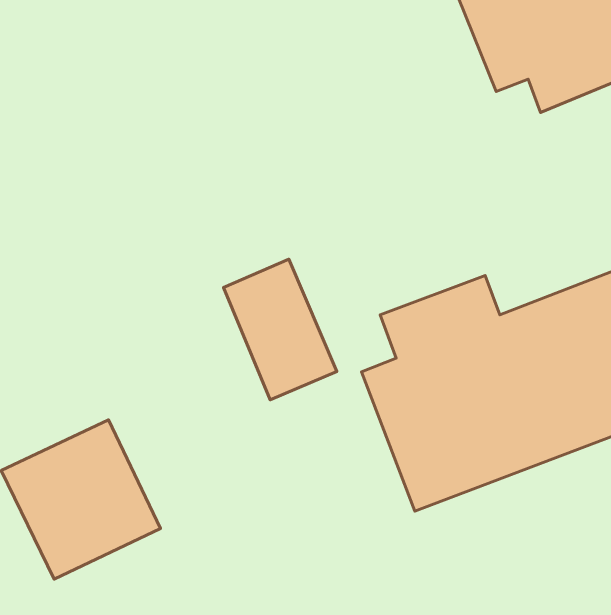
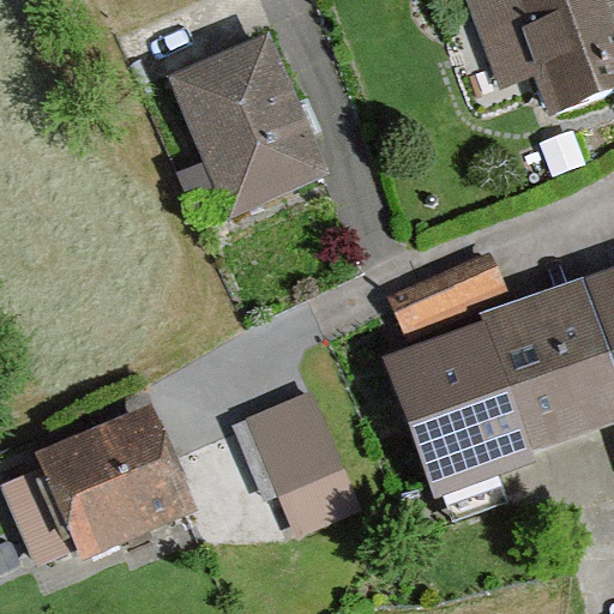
building: none -> [167,44,314,217]
building: [223,259,337,400] -> [247,395,357,531]

